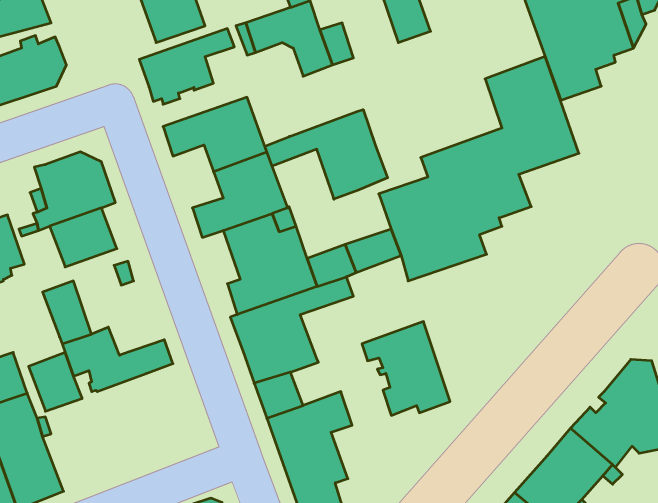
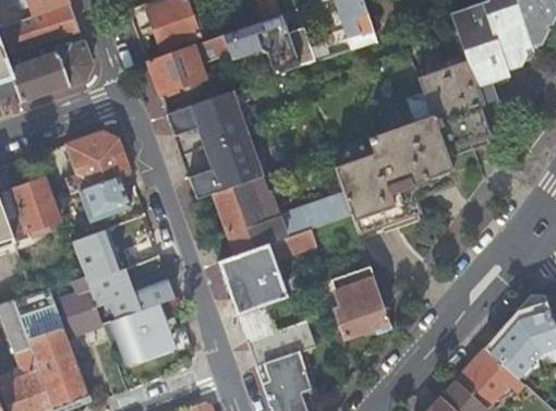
building: [265,110,388,199] -> none
building: none -> [112,304,190,361]

